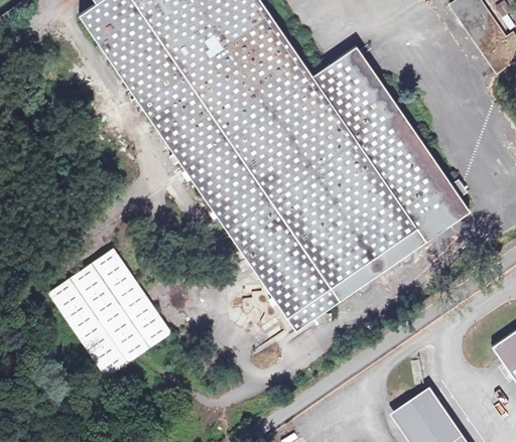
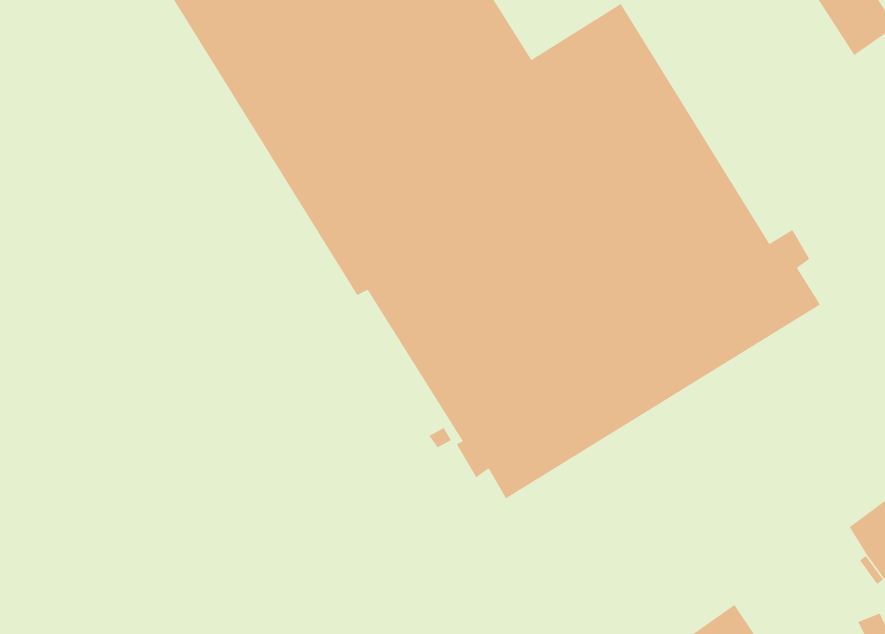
building: [47,249,170,379] -> none

